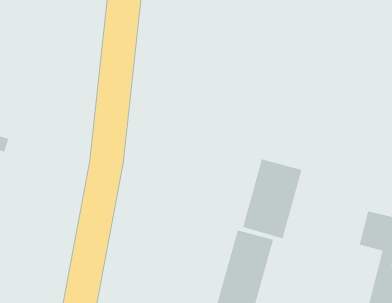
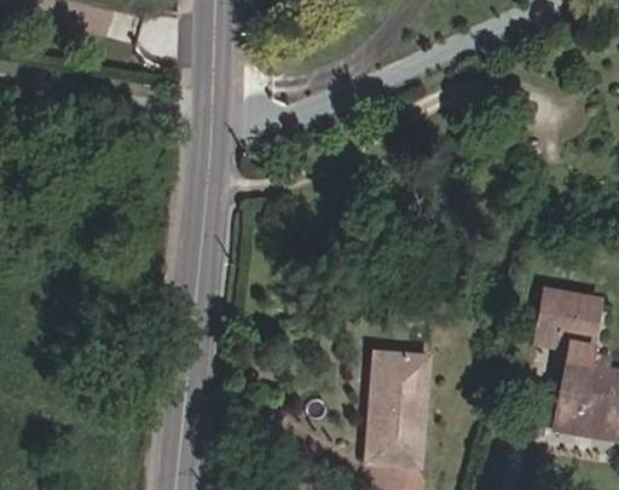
building: [243,158,302,239] -> none

